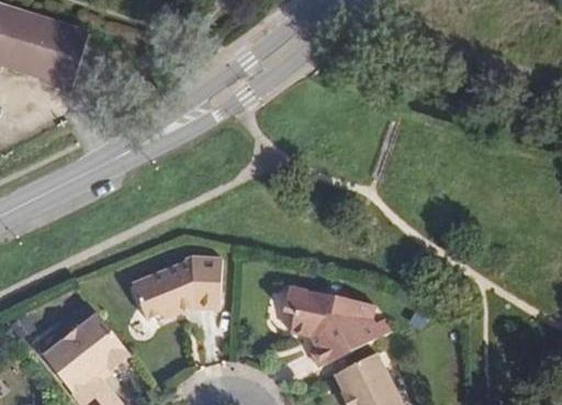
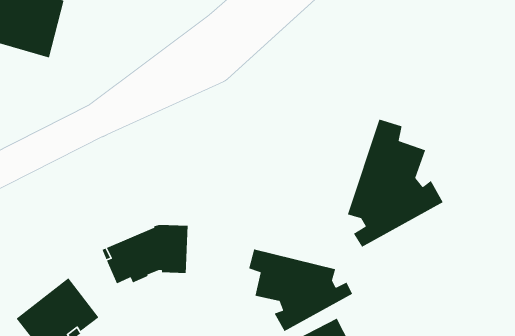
building: none -> [347,119,444,248]

